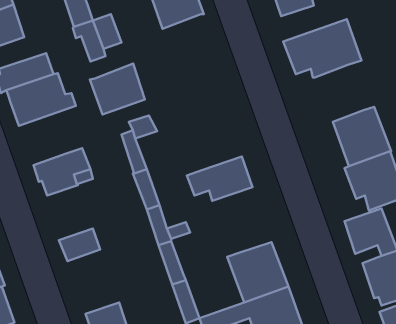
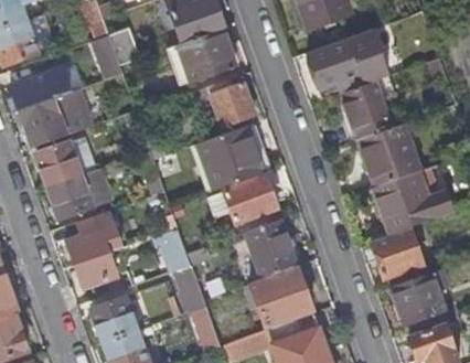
building: none -> [209,78,255,126]
building: [90,64,145,114] -> [177,28,234,81]
building: none -> [341,81,392,140]
building: none -> [197,125,263,190]
building: none -> [38,140,82,185]
building: none -> [245,218,296,277]
building: none -> [66,224,121,264]
building: none -> [92,296,137,341]

